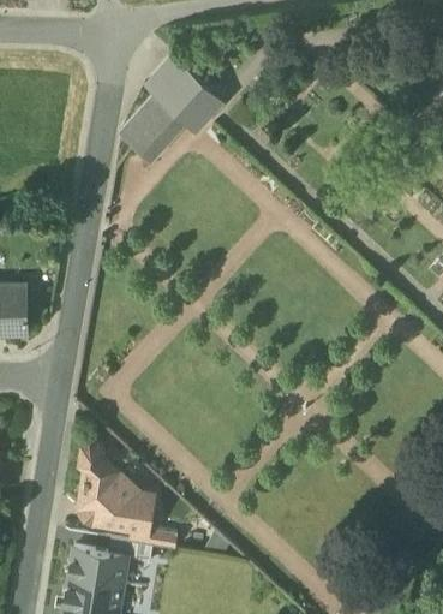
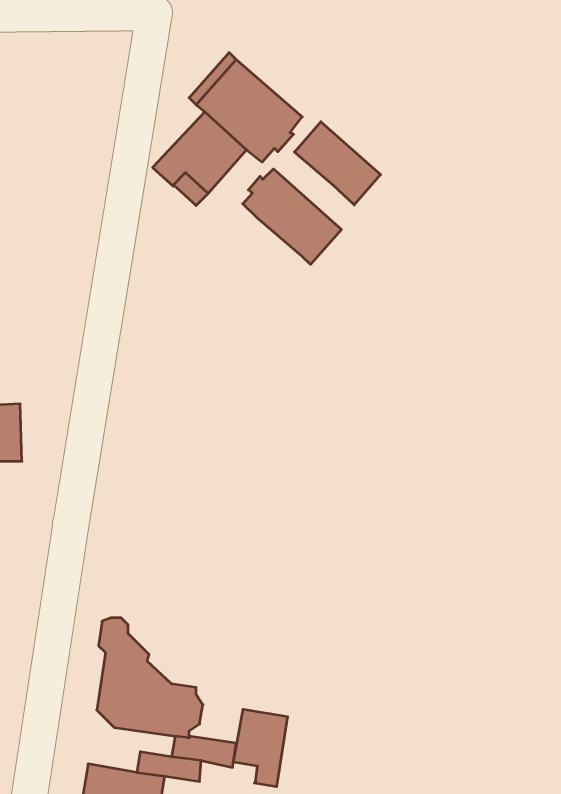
building: none -> [294,122,381,205]
building: none -> [243,169,341,264]
building: none -> [233,709,288,787]

